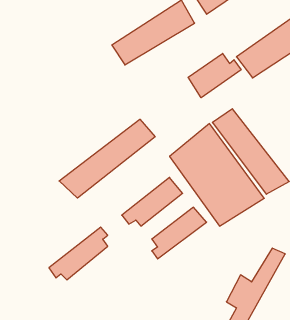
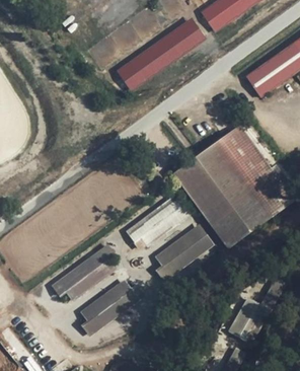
building: [188,53,241,98] -> none
building: [59,119,155,198] -> none
building: none -> [80,282,142,333]

